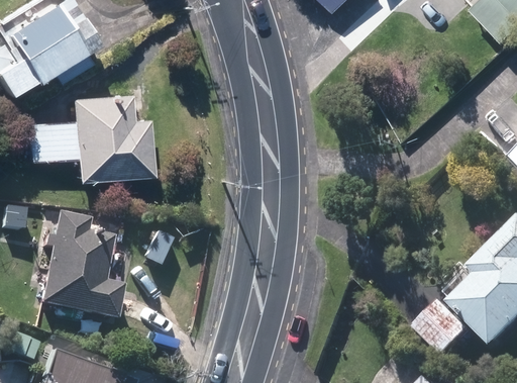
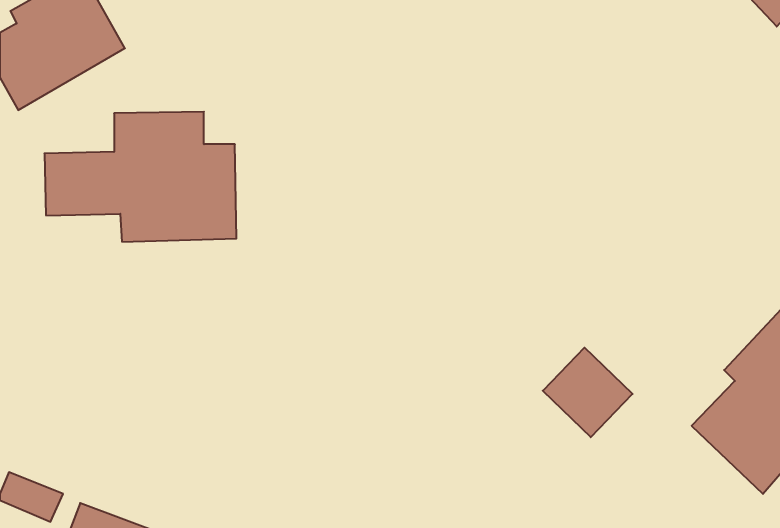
building: [40,211,123,322] -> none
building: [416,296,475,355] -> [543,348,633,437]

